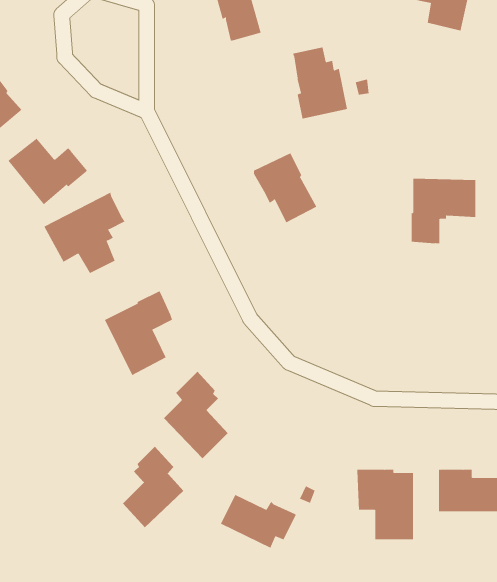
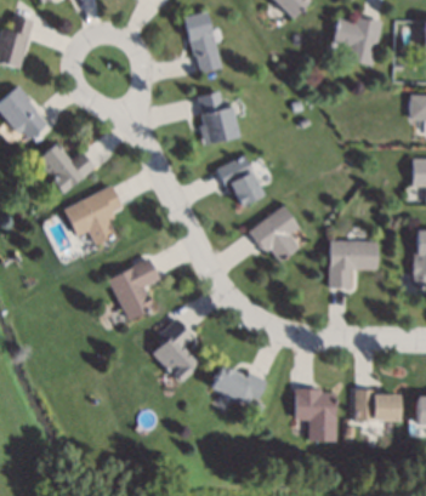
building: [292,47,348,119] -> [198,91,239,144]
building: [411,178,476,244] -> [329,240,377,289]
building: none -> [249,206,300,261]
building: [122,446,184,528] -> none
building: [220,494,297,548] -> [210,365,267,405]

